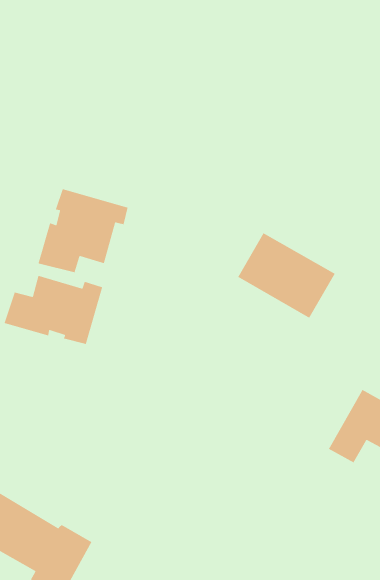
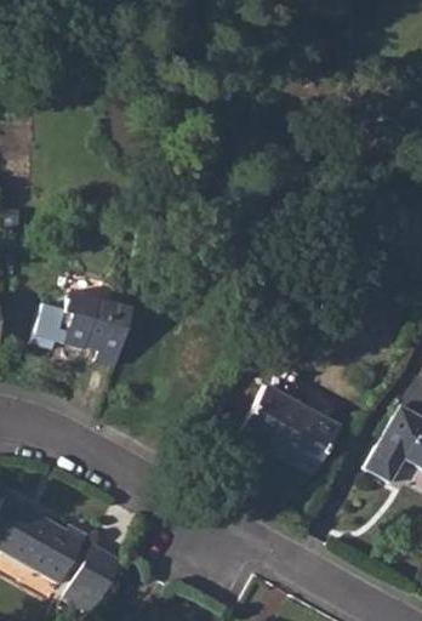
building: [38,188,129,273] -> none
building: [237,232,336,319] -> [244,386,344,474]

